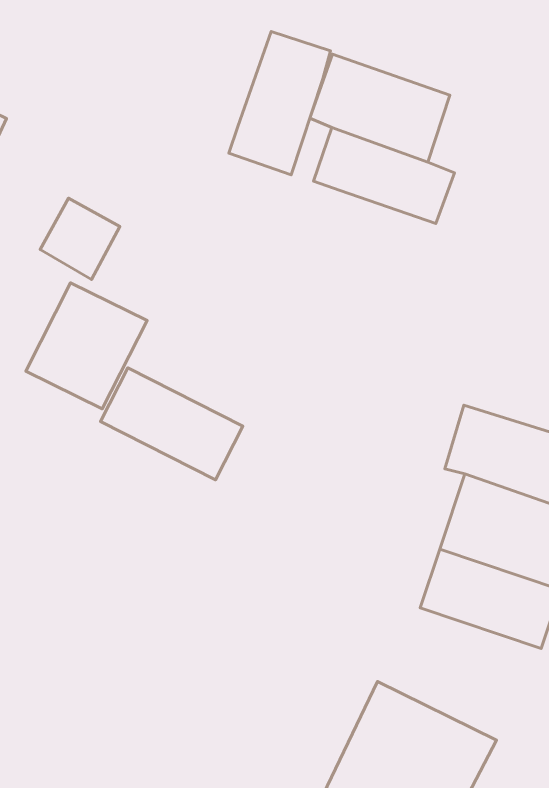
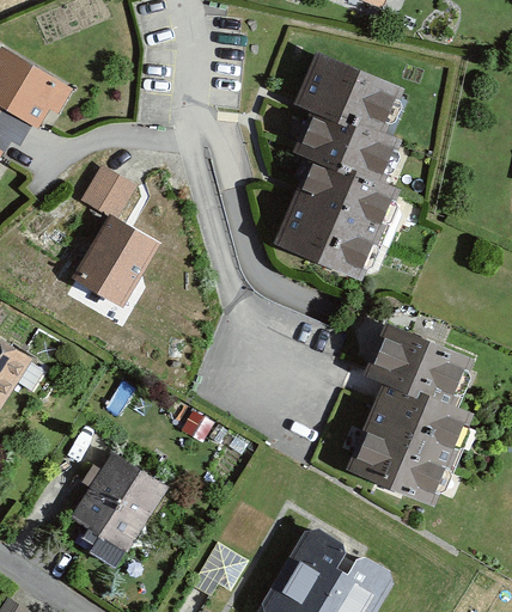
building: [229,32,331,175] -> none
building: none -> [274,160,398,282]
building: [100,368,243,480] -> none
building: none -> [60,452,170,569]

